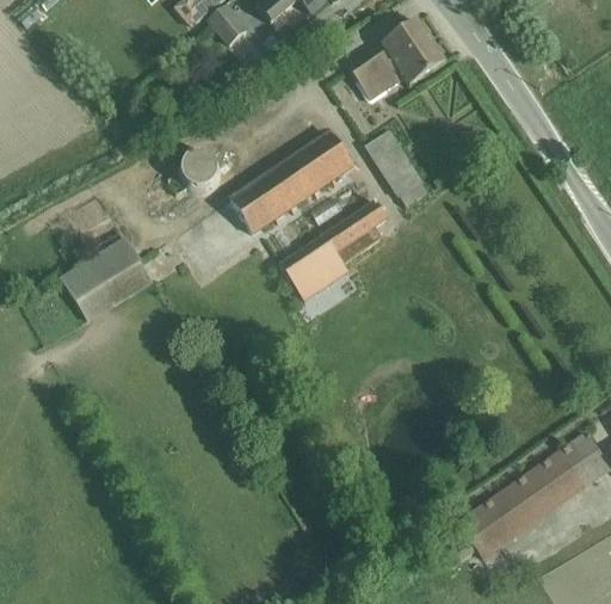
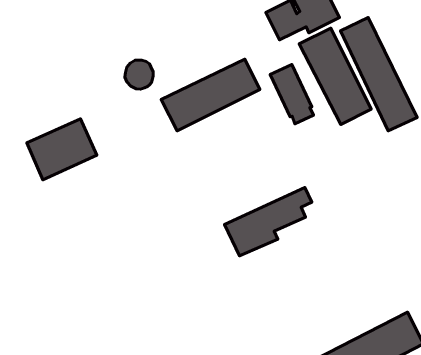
building: none -> [340,17,417,131]
building: none -> [299,28,371,124]
building: [278,199,388,300] -> [224,188,312,256]

